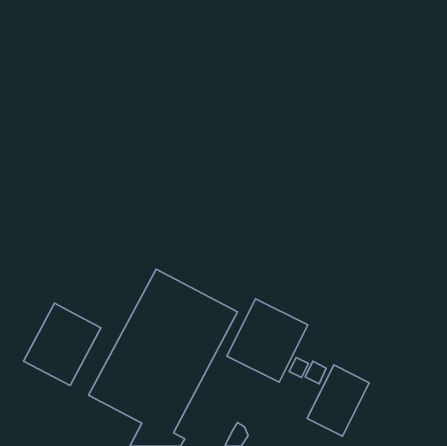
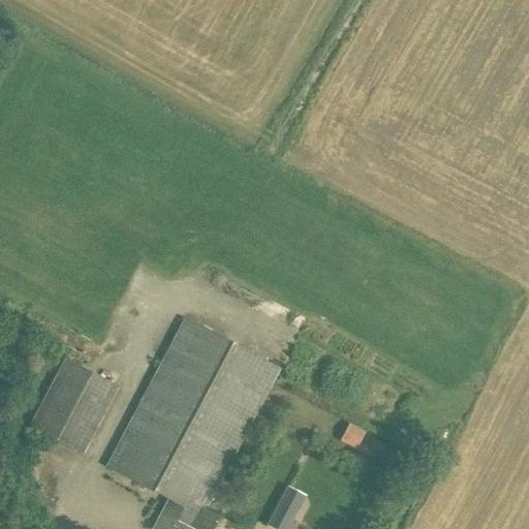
building: [227,299,308,382] -> none
building: [307,365,369,436] -> none

